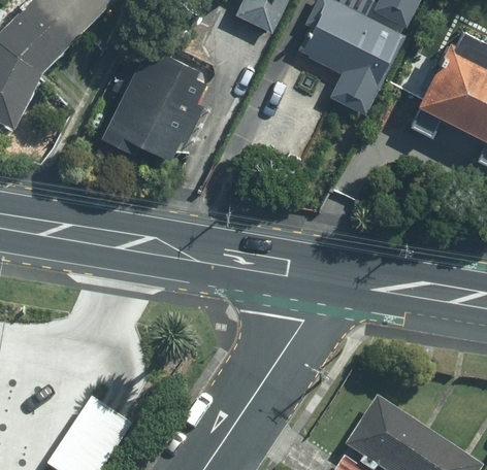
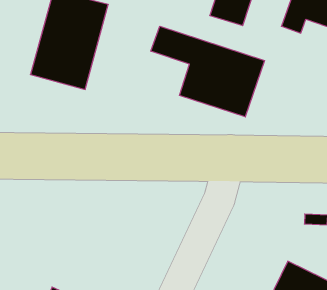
building: none -> [151,26,264,117]

